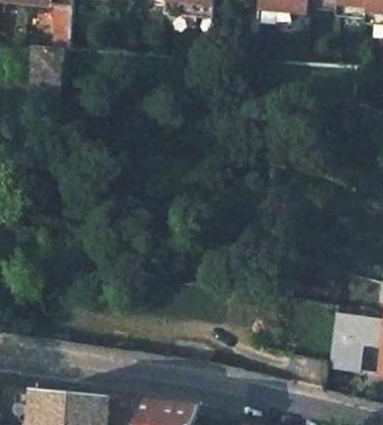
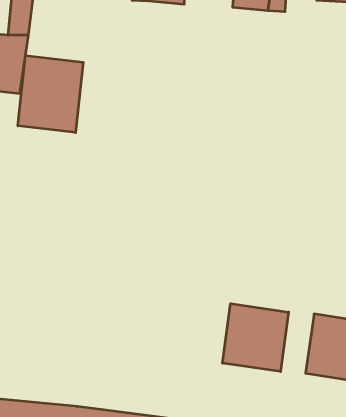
building: none -> [18,56,83,133]
building: none -> [223,304,289,372]

